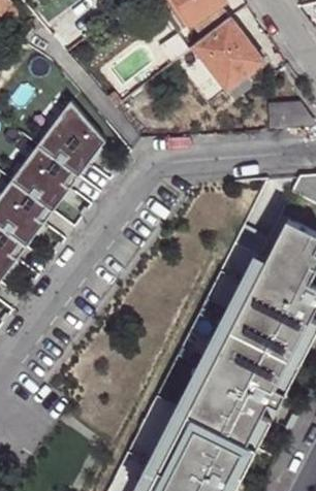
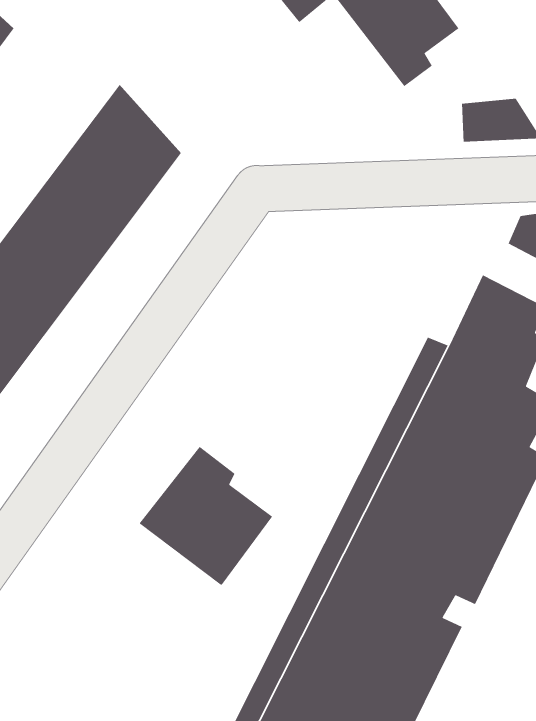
building: none -> [139,446,273,586]

